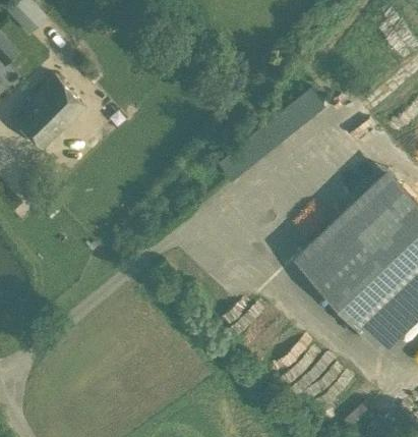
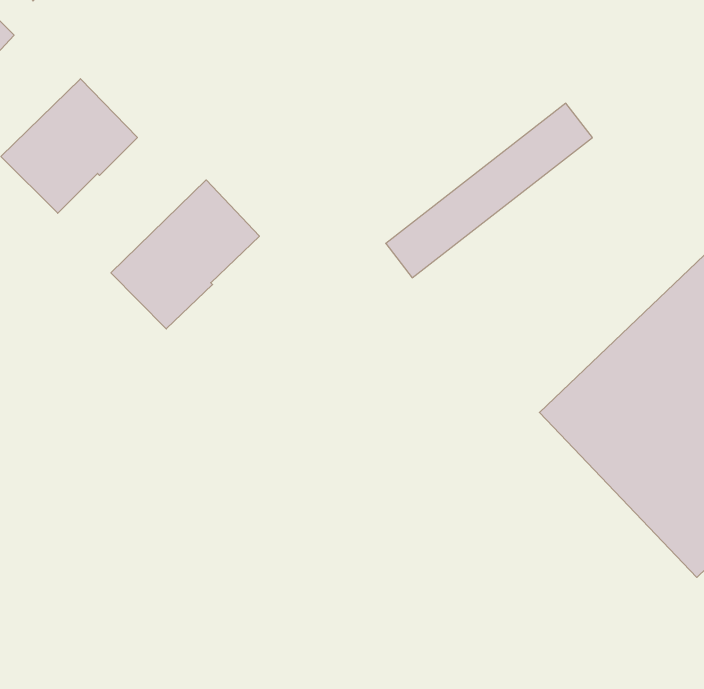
building: none -> [111,180,259,329]

